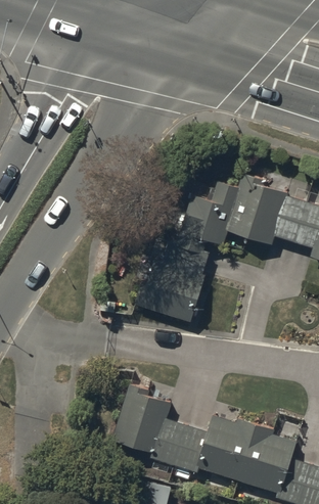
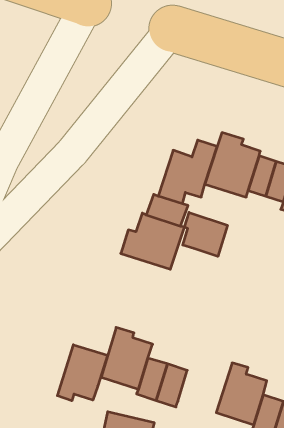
building: none -> [183,212,227,256]
building: none -> [57,345,108,401]
building: [197,419,257,479] -> none

